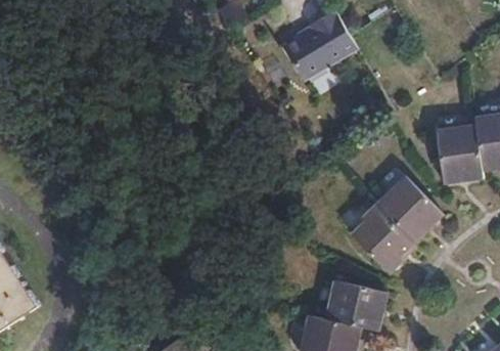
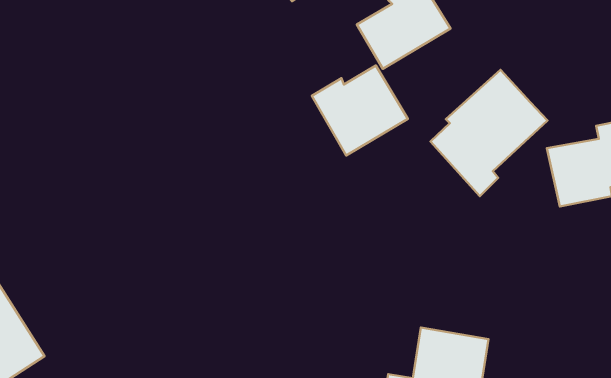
building: none -> [312,65,408,156]
building: [351,174,443,273] -> [430,70,547,196]

